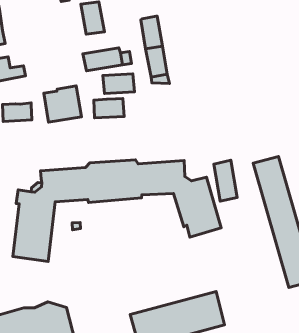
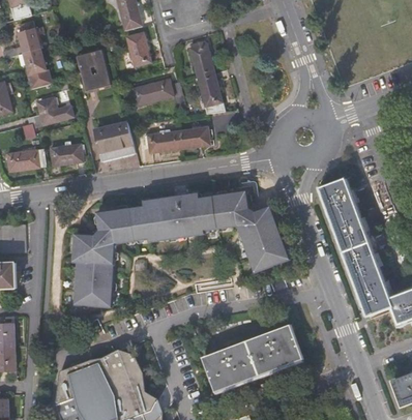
building: none -> [76,49,111,92]
building: [103,74,134,93] -> [176,126,210,149]
building: [214,160,237,201] -> none

